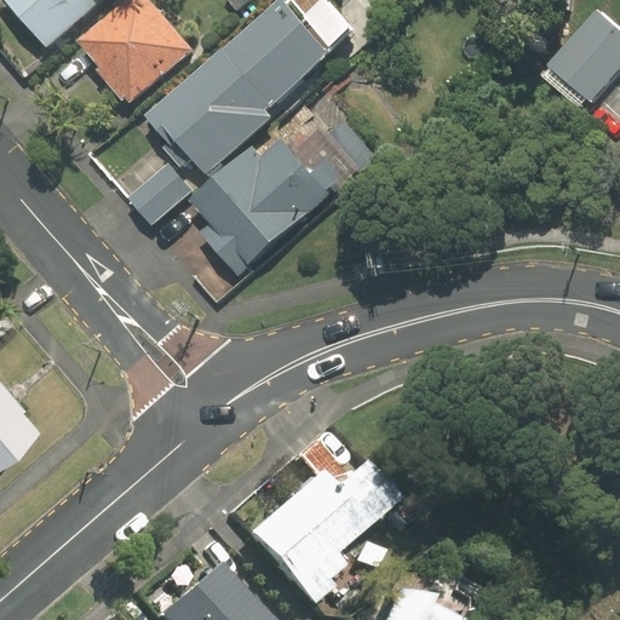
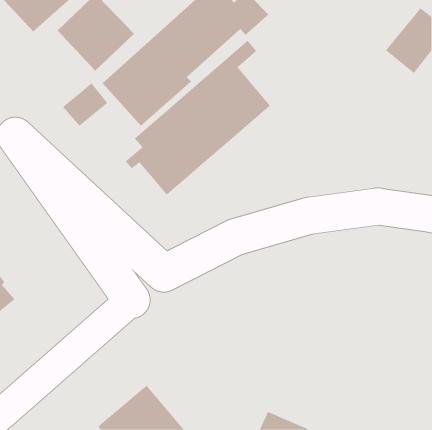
building: [127,159,193,222] -> [62,82,108,127]
building: [236,461,379,603] -> none

